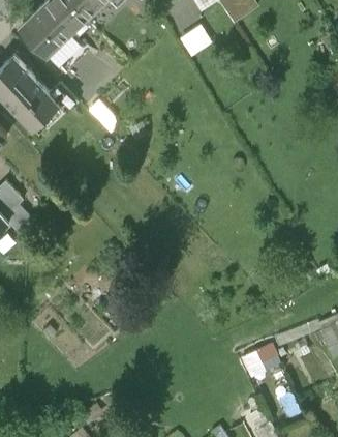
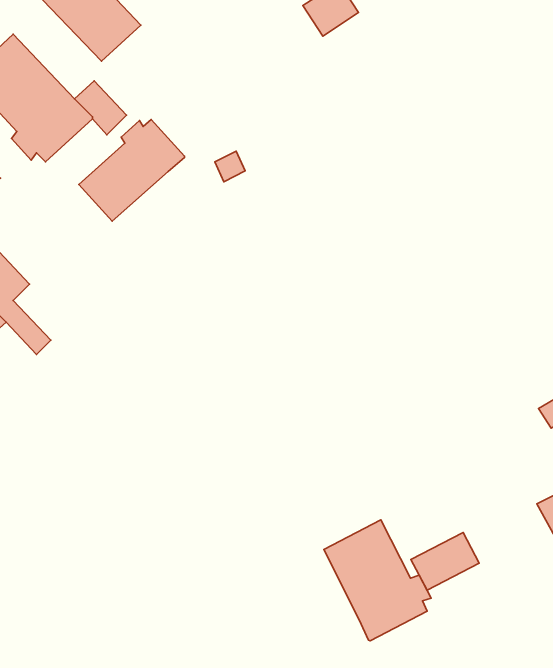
building: none -> [79,119,185,221]
building: none -> [324,520,431,641]

